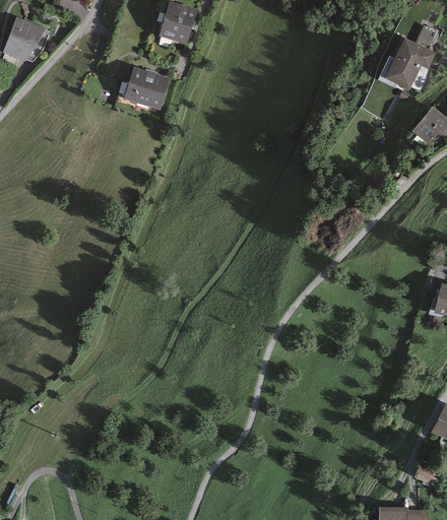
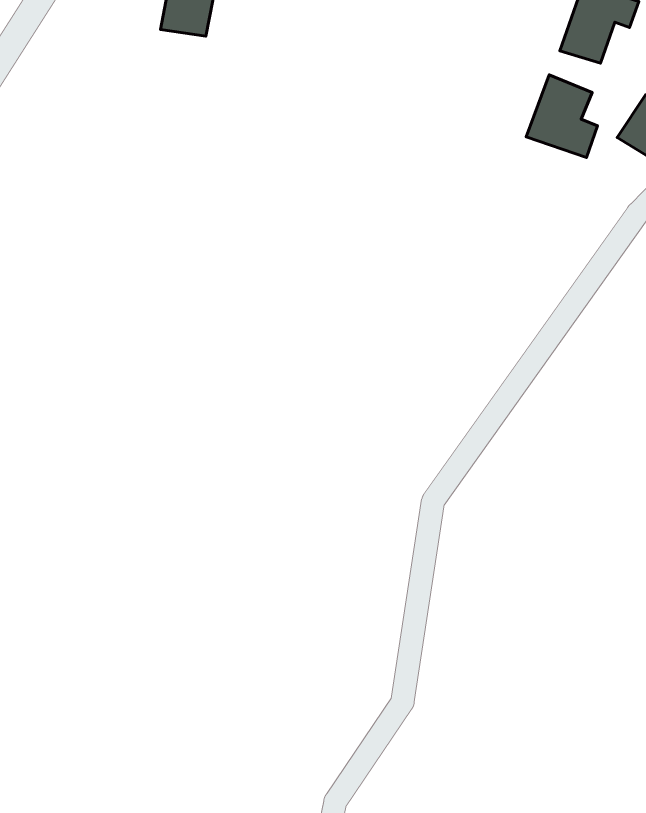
building: [126,68,167,106] -> none
building: none -> [526,75,597,158]

